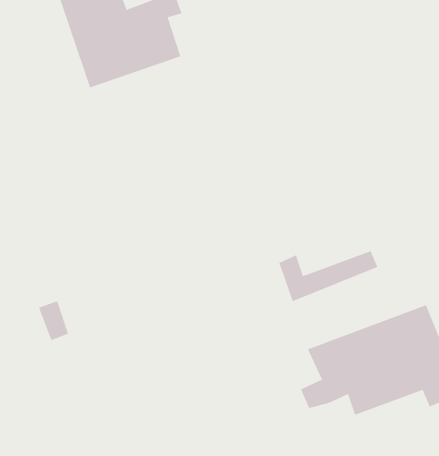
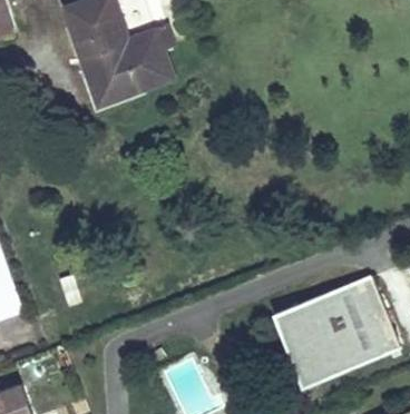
building: [278,251,378,302] -> [292,346,372,387]

